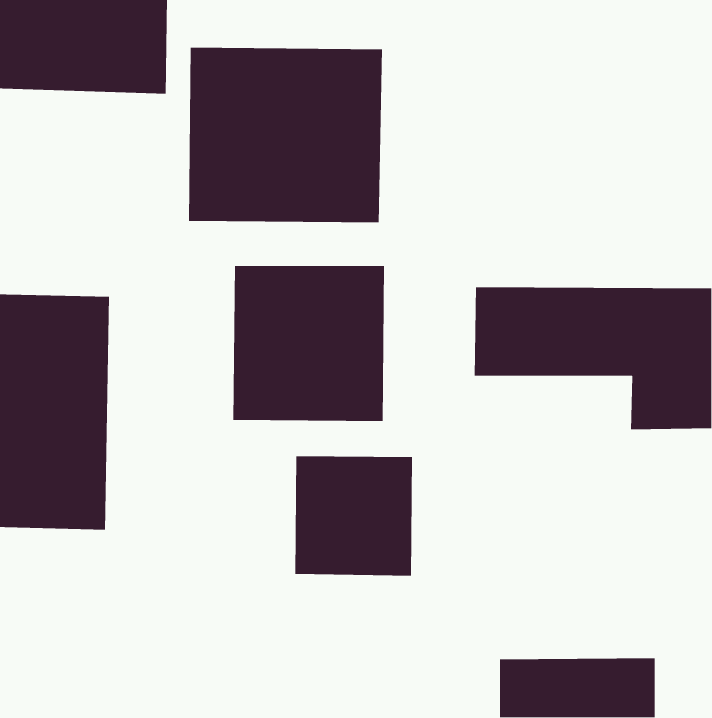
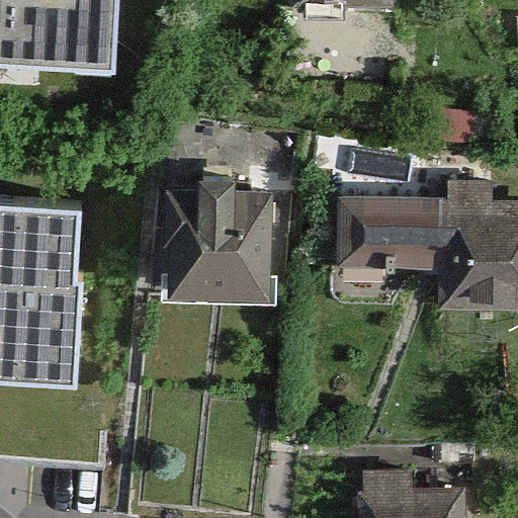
building: [188,47,383,223] -> none
building: [294,455,413,577] -> none

